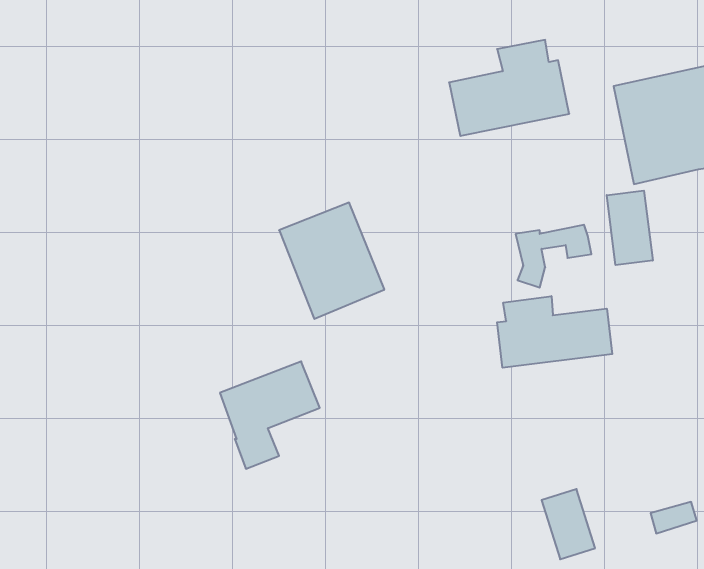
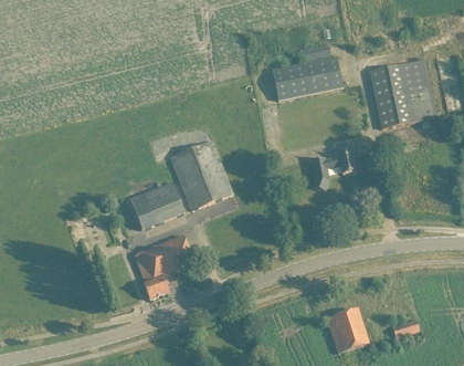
building: [607,191,653,265] -> none
building: none -> [130,180,184,230]
building: [497,296,612,368] -> none

